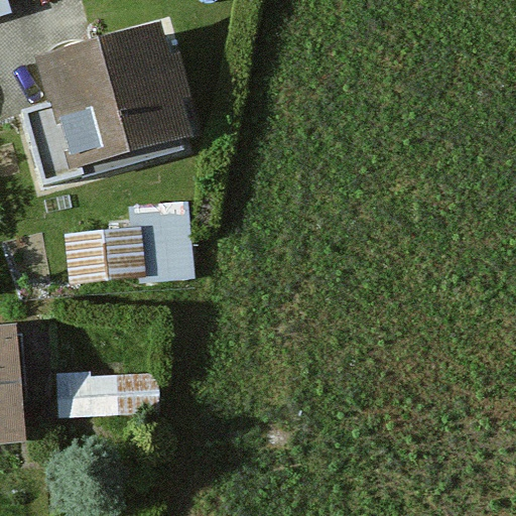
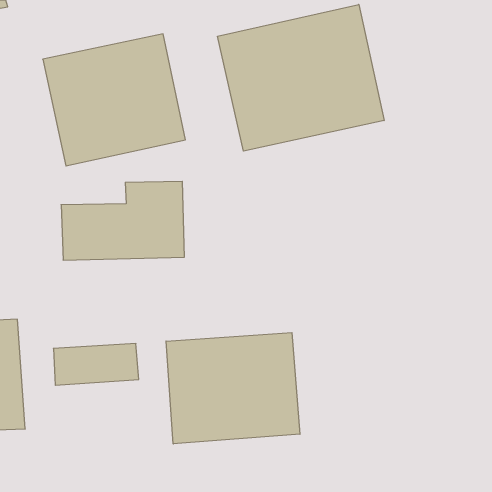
building: none -> [218,4,384,151]
building: none -> [166,333,300,444]

